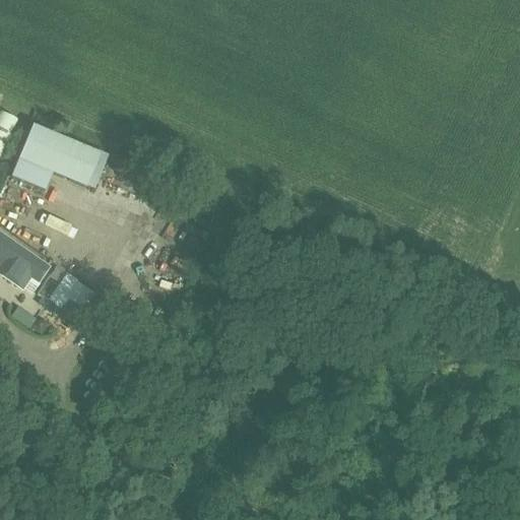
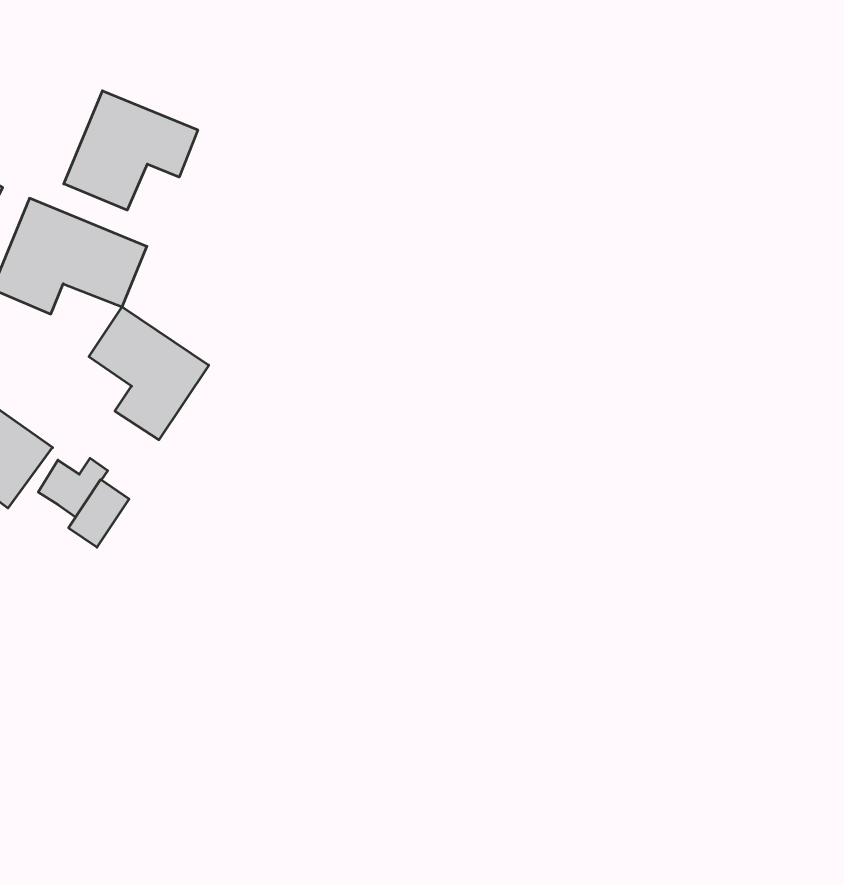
building: none -> [64,91,198,210]
building: none -> [89,307,209,440]

